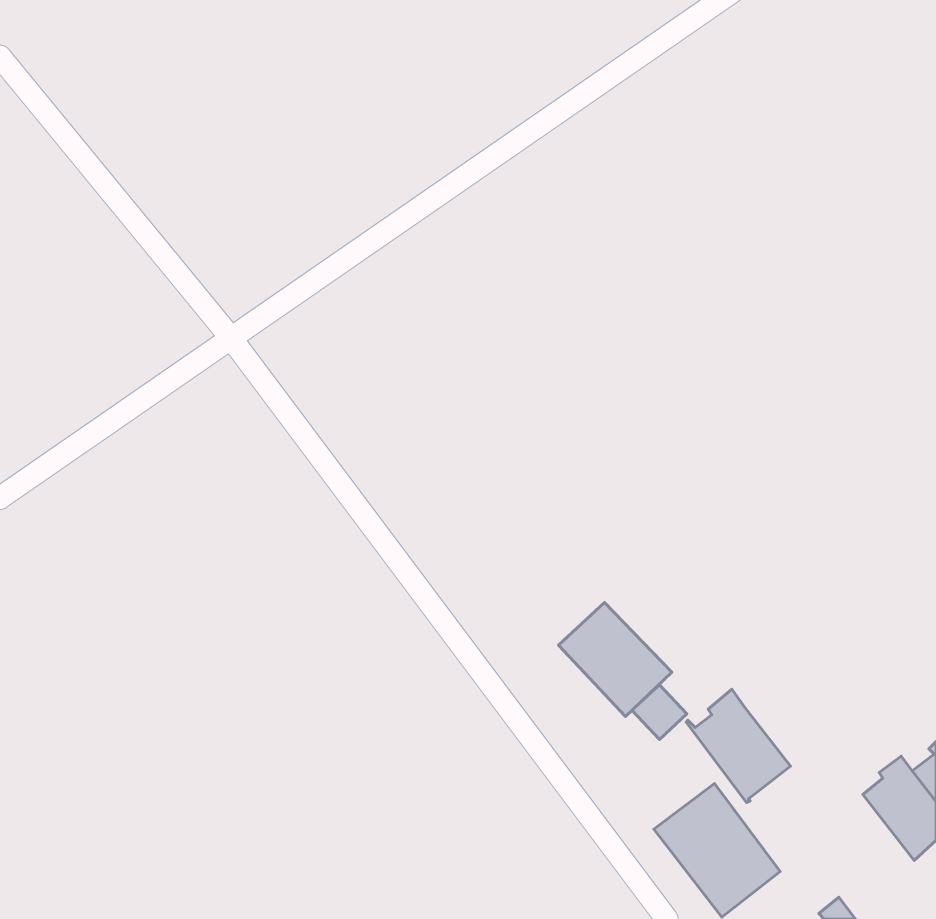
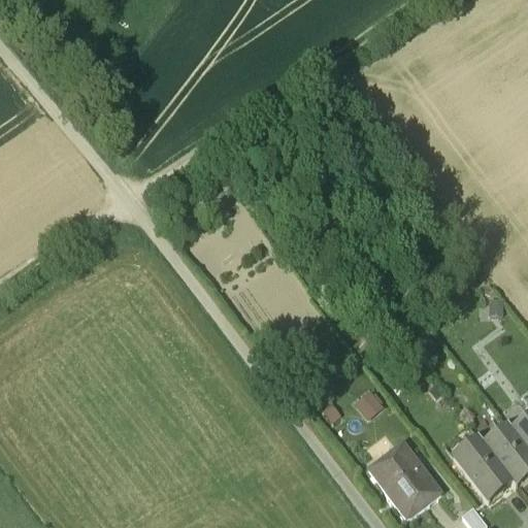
building: [558,602,672,717] -> none
building: [686,689,790,803] -> [453,437,512,501]

